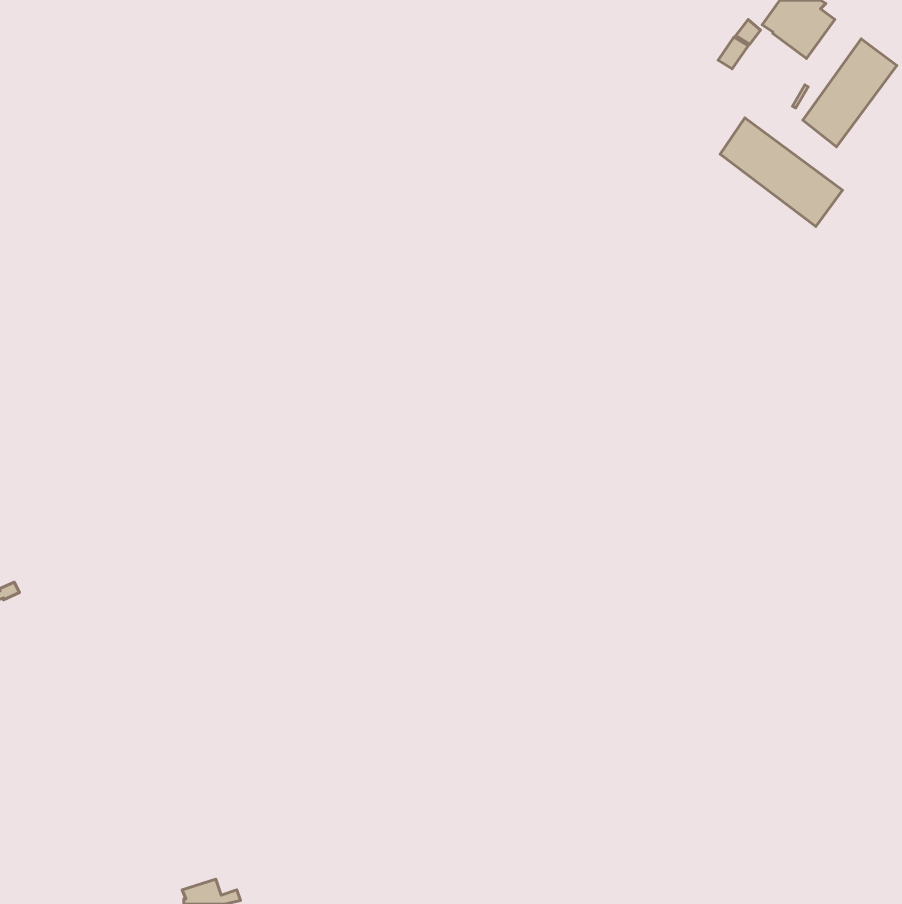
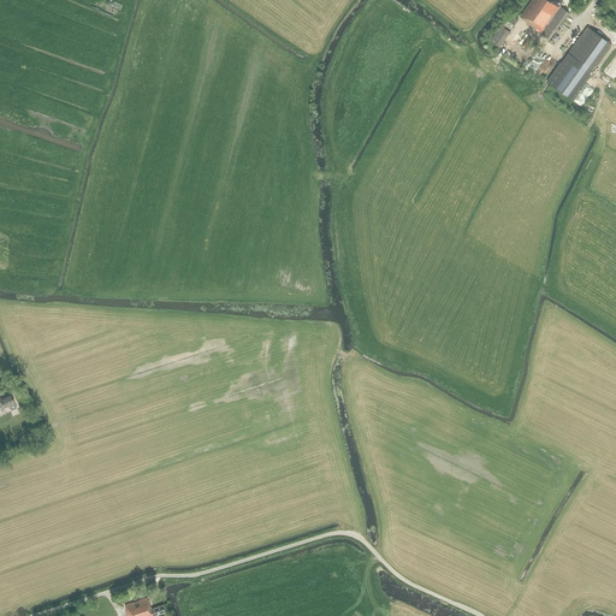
building: [720,118,842,227] -> none

